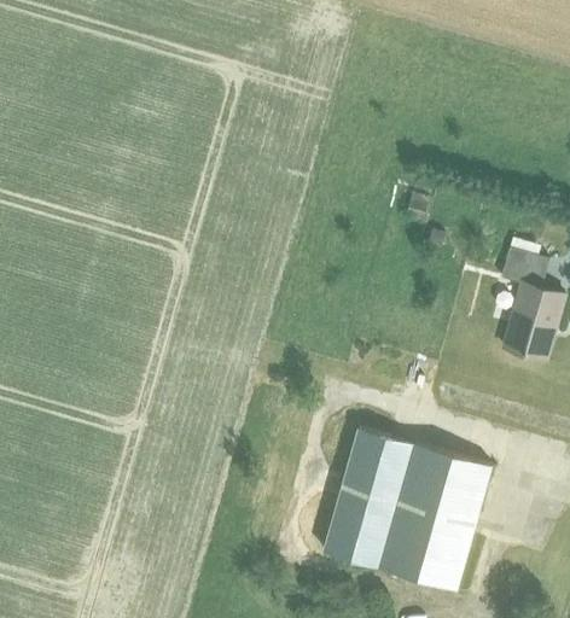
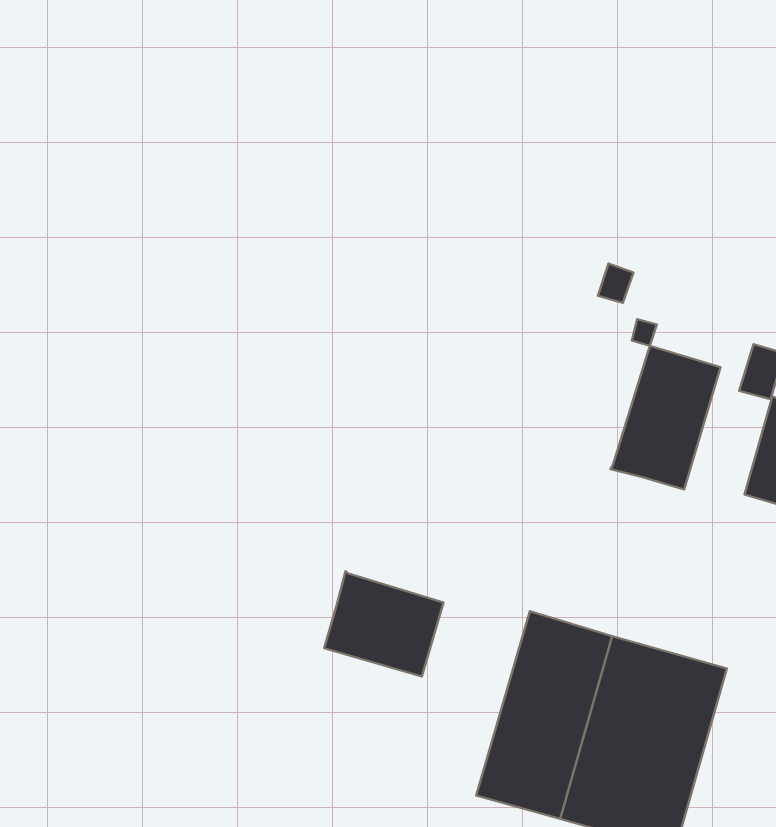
building: none -> [611,346,720,489]
building: none -> [324,571,443,677]

